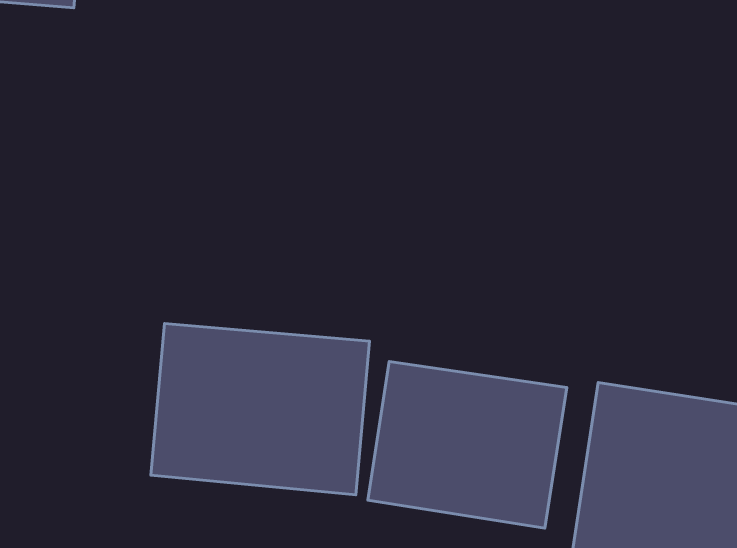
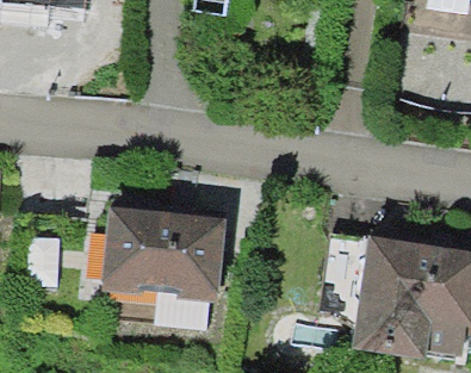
building: [368,361,567,528] -> none

